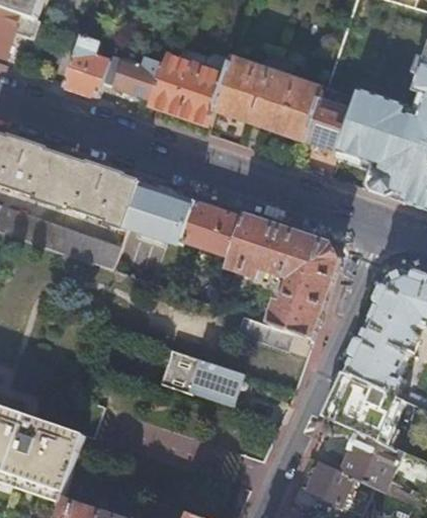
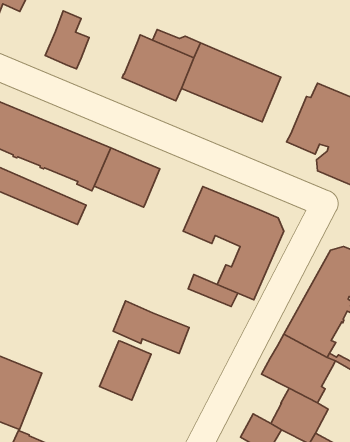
building: [101,57,162,99] -> none
building: [305,90,354,152] -> none
building: [182,200,245,270] -> none
building: none -> [100,341,151,400]

